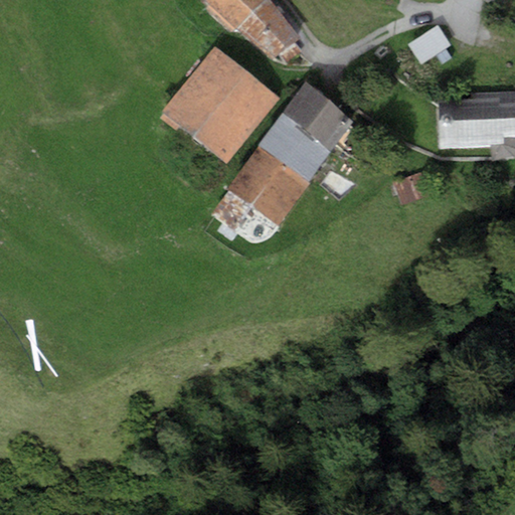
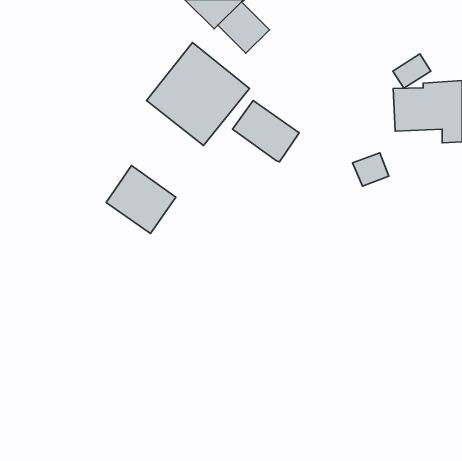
building: [408,24,451,62] -> [393,54,431,88]
building: [282,81,354,148] -> none
building: [230,144,308,219] -> [106,166,176,233]

